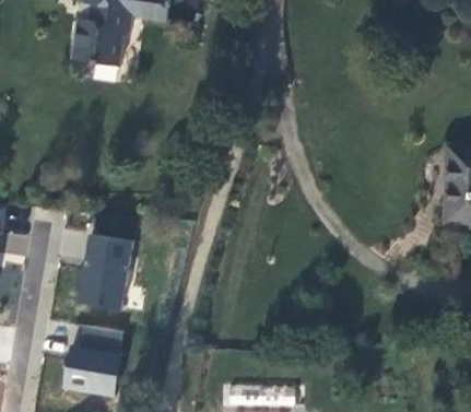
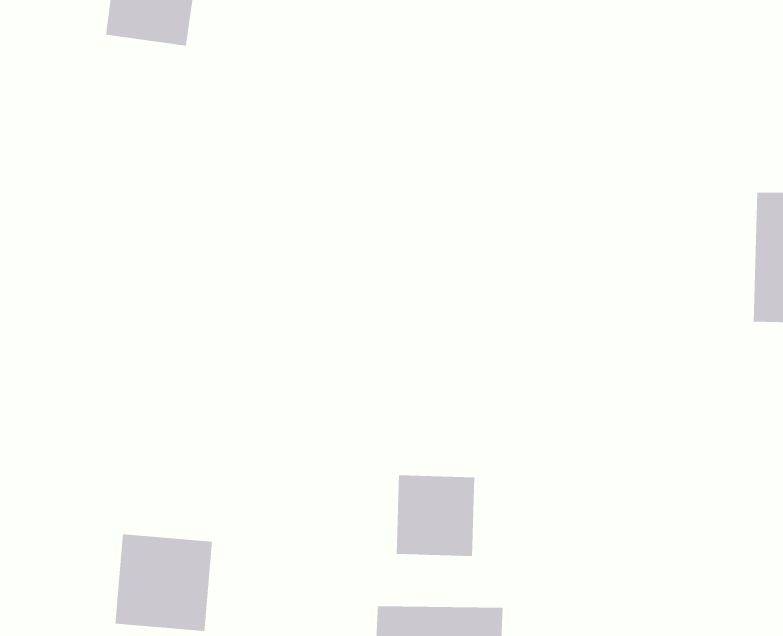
building: [81,248,139,315] -> none
building: none -> [396,475,475,557]

